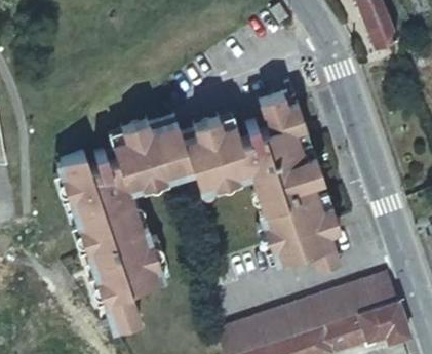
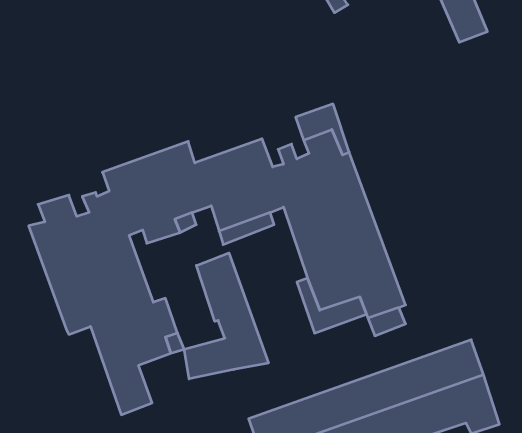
building: none -> [184,253,268,379]

